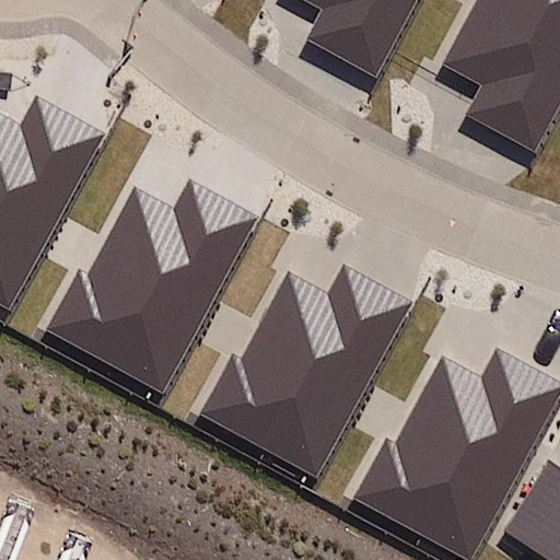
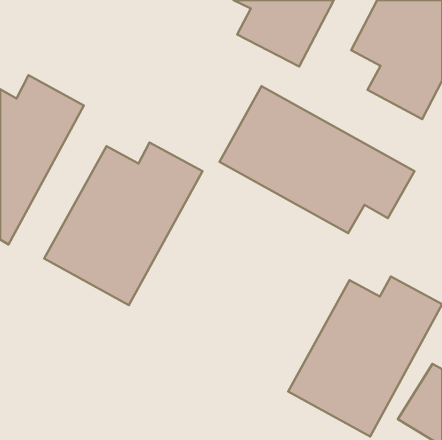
building: none -> [219,86,414,233]
building: [210,268,408,471] -> none

